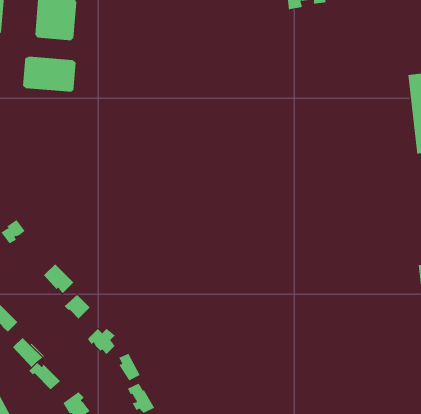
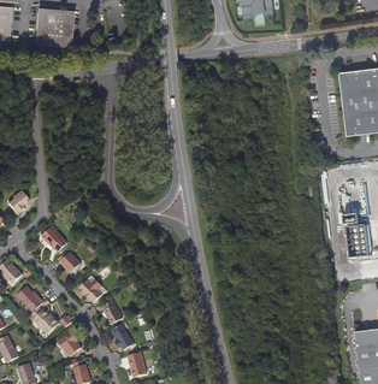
building: [22,56,76,93] -> none

